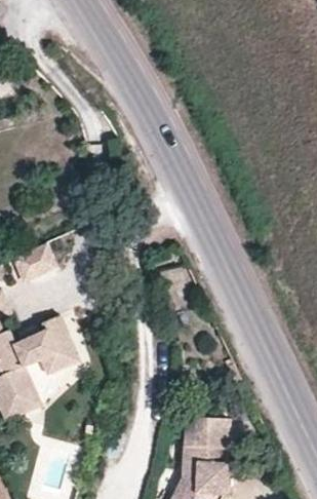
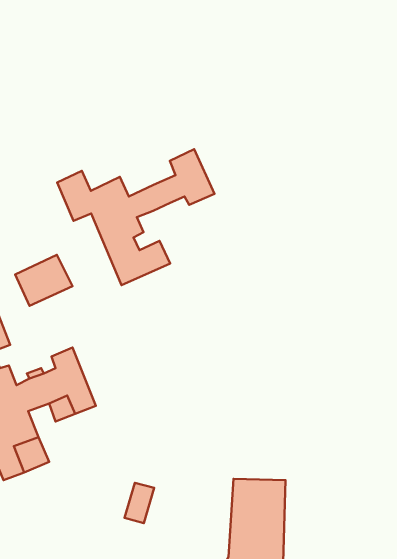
building: none -> [57,149,215,285]

